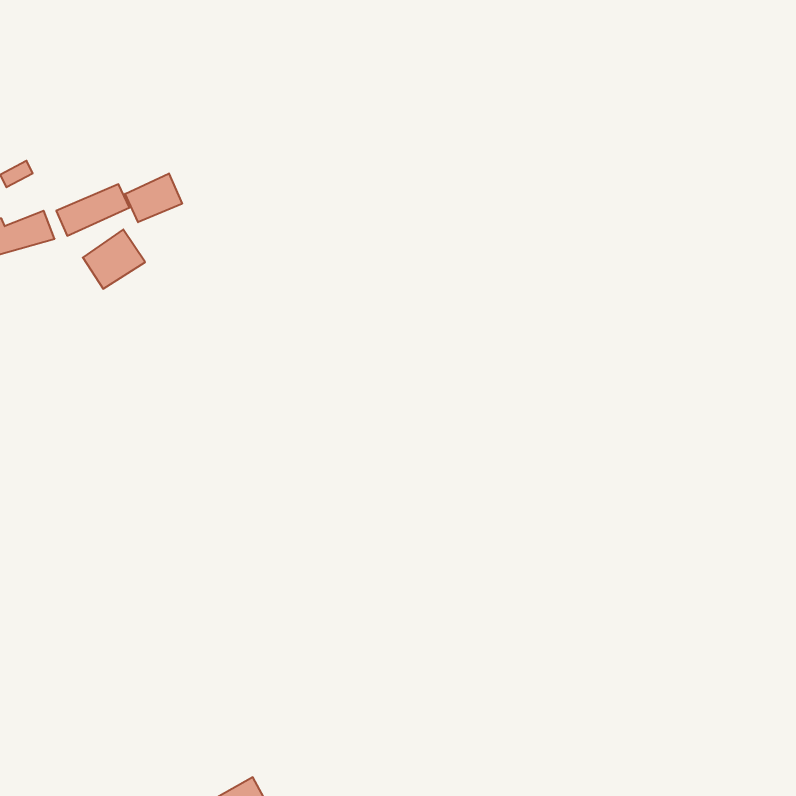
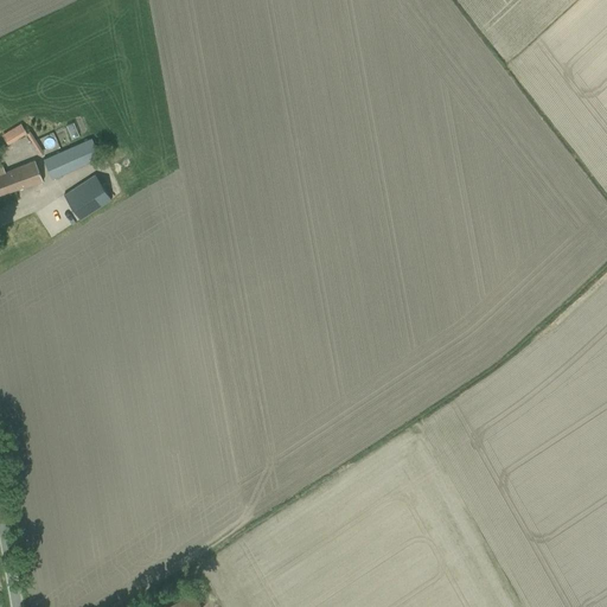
building: [125,173,182,222] -> none

